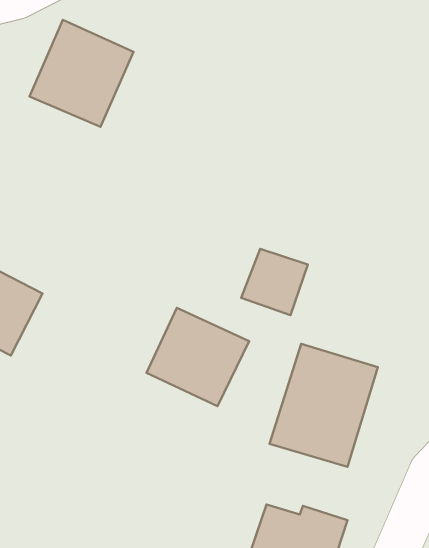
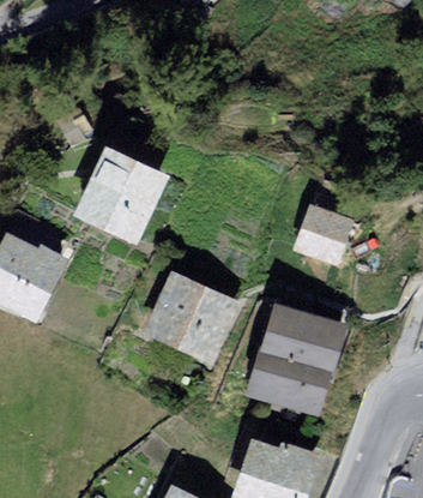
building: [29,20,134,127] -> [84,149,170,238]
building: [241,249,308,315] -> [294,205,349,260]

